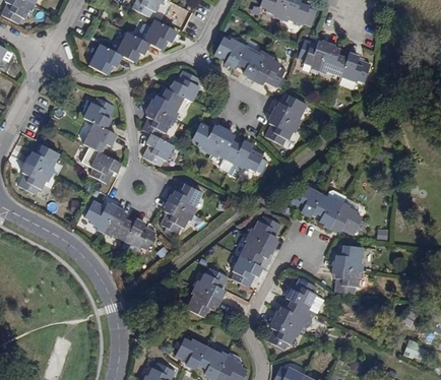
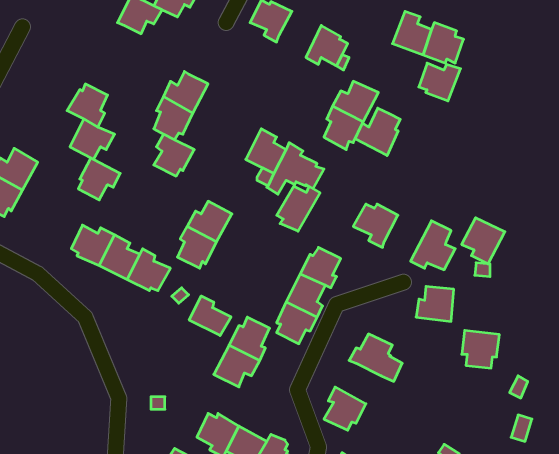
building: [297,41,327,68] -> [419,63,461,101]
building: [90,44,123,73] -> none
building: [236,45,266,78] -> none
building: [170,70,200,102] -> none
building: none -> [355,108,400,156]
building: [191,123,223,152] -> none
building: none -> [277,186,320,231]
building: [312,193,343,227] -> [462,218,505,264]
building: none -> [189,296,231,336]
building: [333,267,361,295] -> [462,330,499,368]
building: [276,301,310,330] -> none

